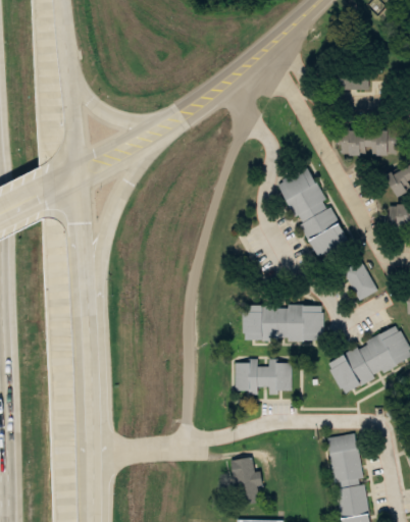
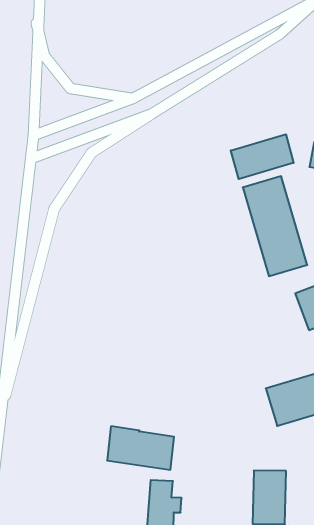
building: none -> [231,134,294,179]
building: [244,304,322,341] -> none
building: [232,360,292,392] -> [107,426,174,470]

